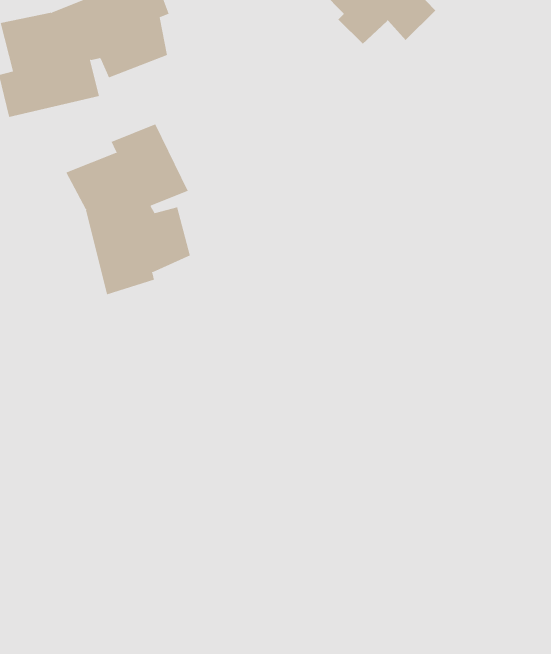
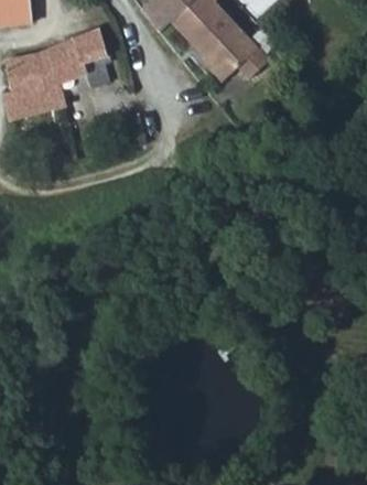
building: [66,123,190,295] -> none

